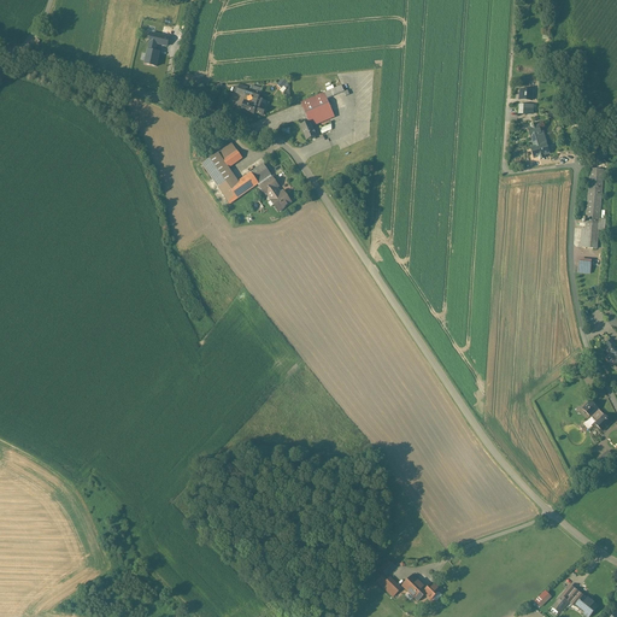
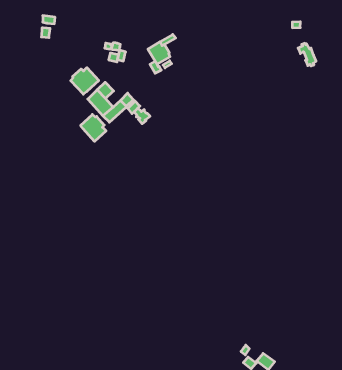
building: none -> [71,68,99,94]
building: none -> [81,114,106,141]

